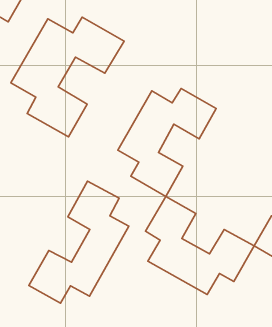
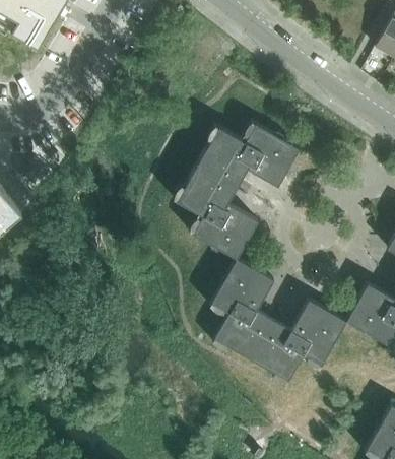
building: [11,17,124,137] -> none
building: [29,181,129,303] -> none

